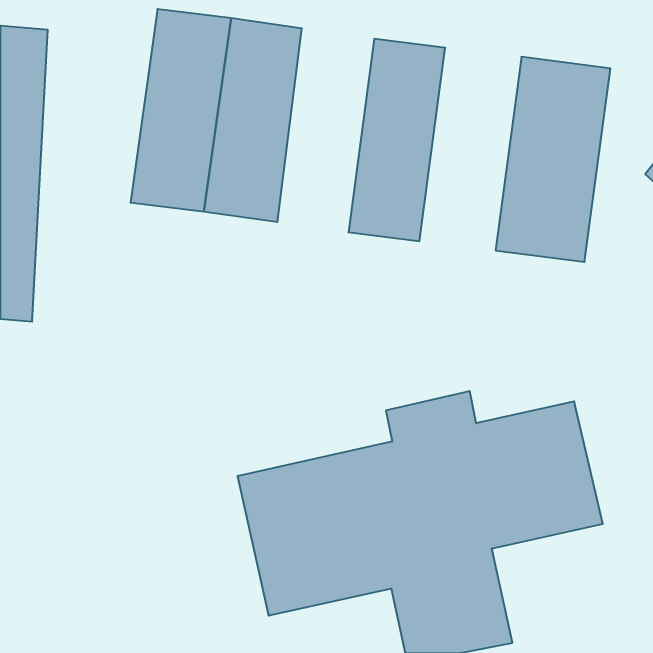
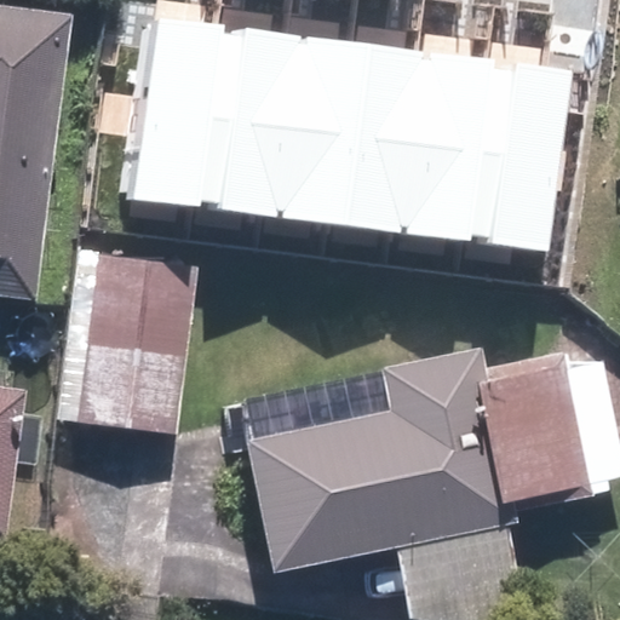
building: none -> [266,27,357,218]
building: none -> [400,45,495,235]
building: none -> [76,247,193,432]

